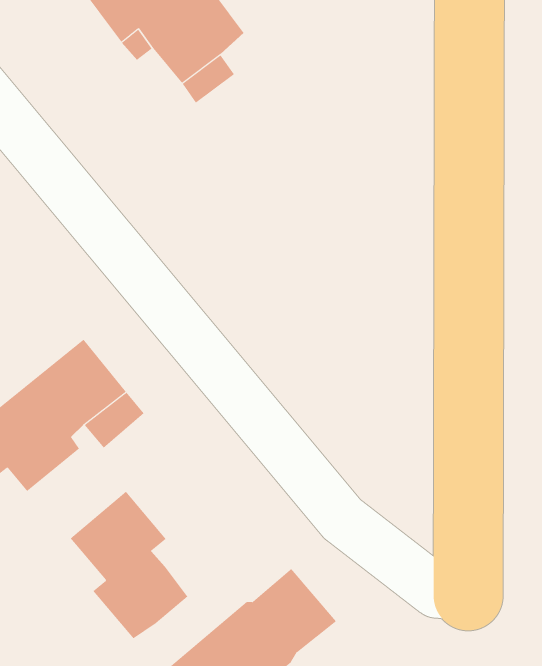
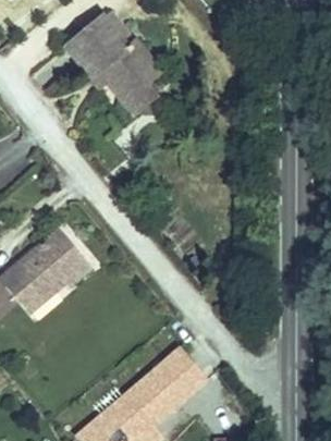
building: [70,491,188,639] -> none

